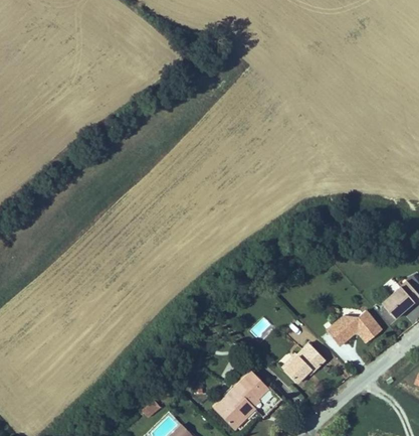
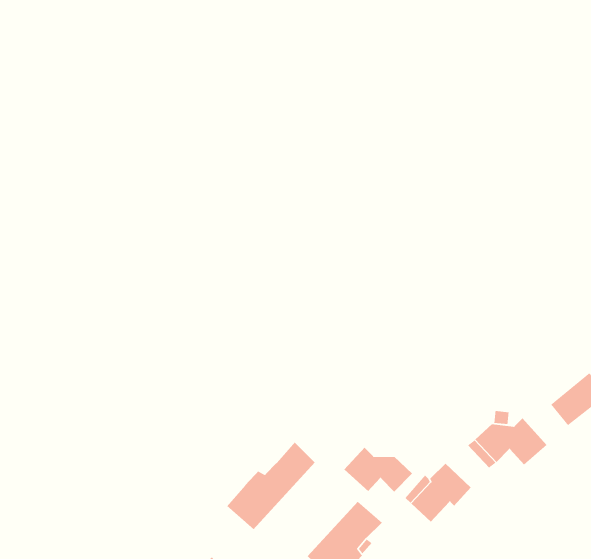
building: none -> [226,442,316,530]
building: none -> [344,447,413,493]

